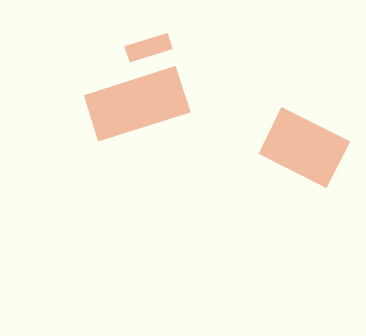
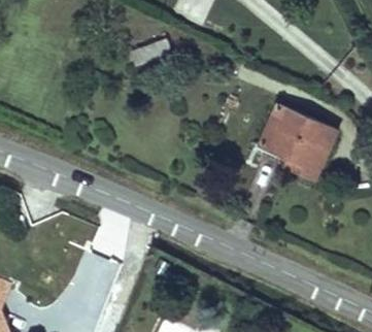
building: [83,65,192,143] -> none

